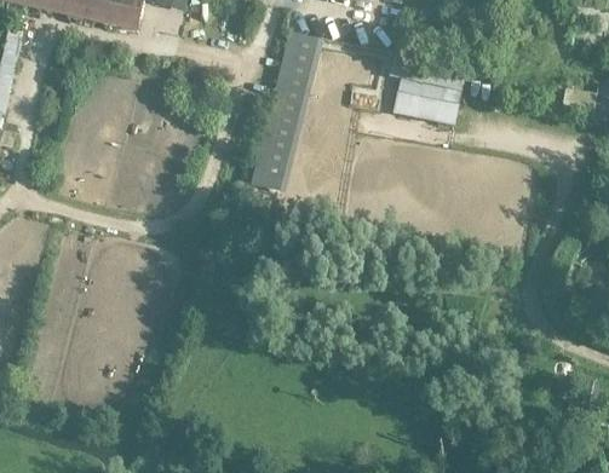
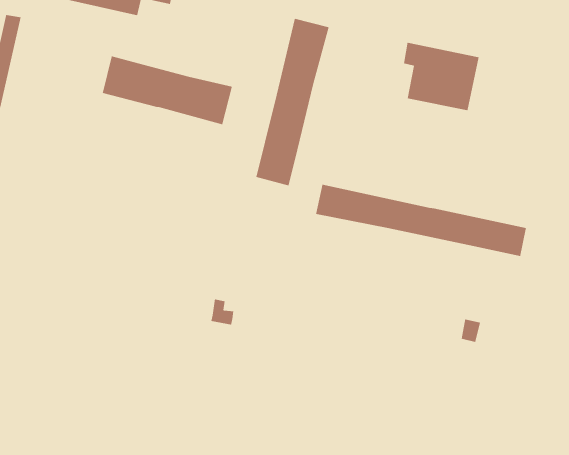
building: none -> [102,56,232,125]
building: none -> [316,184,526,257]

